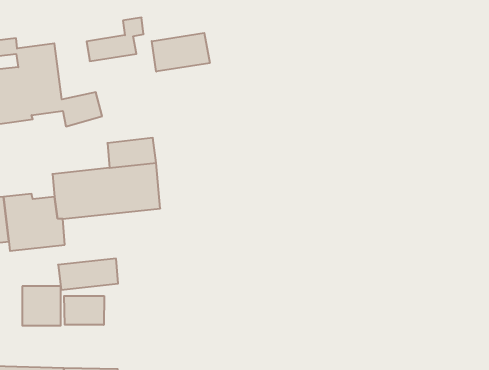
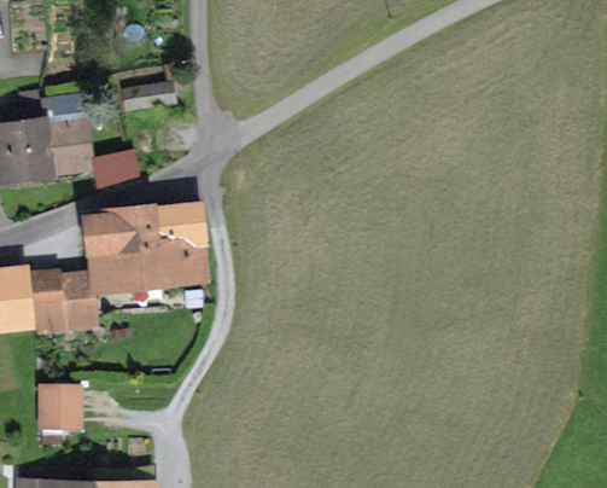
building: [152,33,210,72] -> none
building: [58,259,118,290] -> [78,209,148,245]
building: [64,296,104,325] -> none

